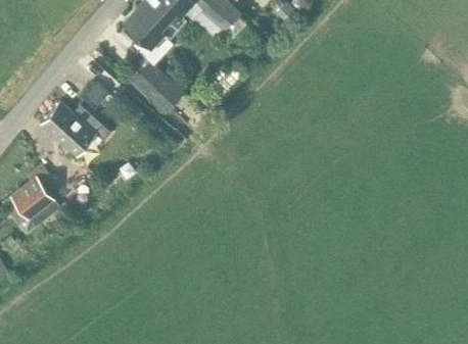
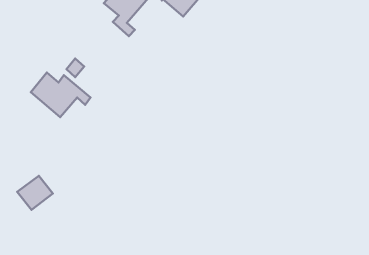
building: [135,65,179,108] -> none
building: [12,180,53,218] -> [17,176,53,210]

